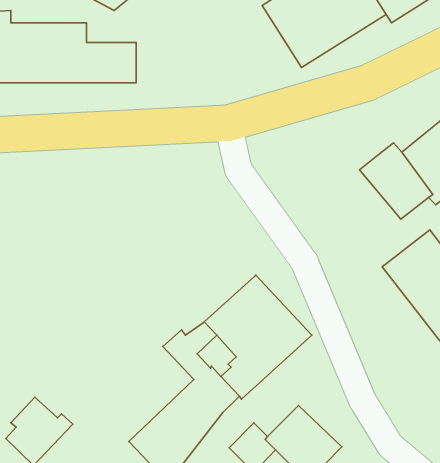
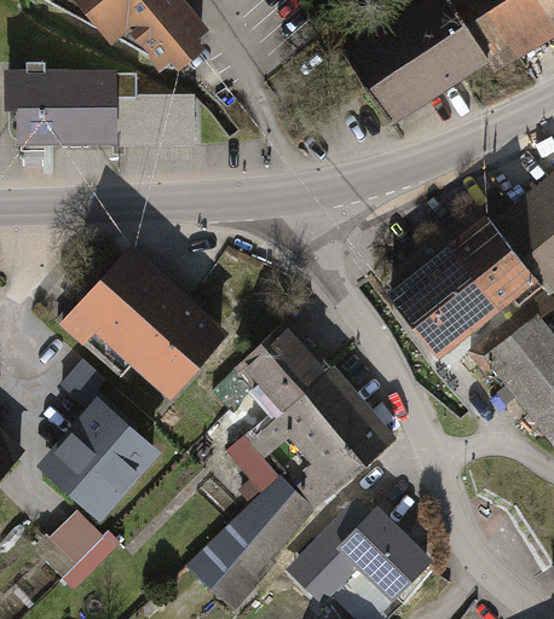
building: none -> [53,245,226,404]
building: none -> [394,245,501,352]
building: none -> [209,318,330,424]
building: none -> [42,357,171,527]

